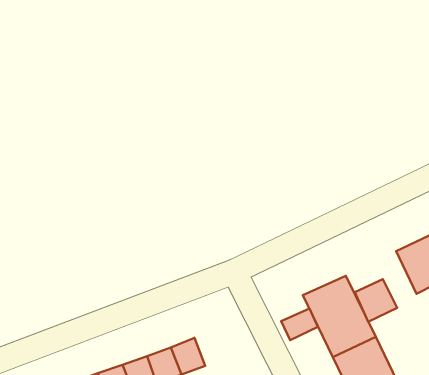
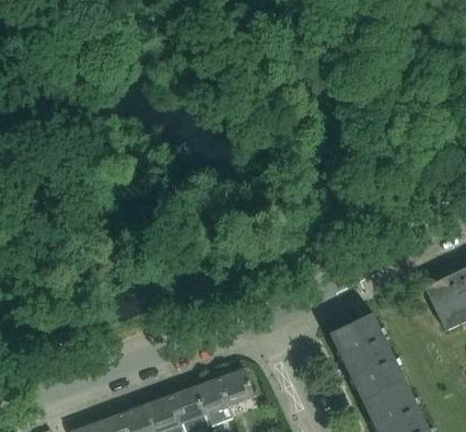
building: [355,279,397,322] -> none
building: [281,309,318,340] -> none
building: none -> [220,370,256,407]

